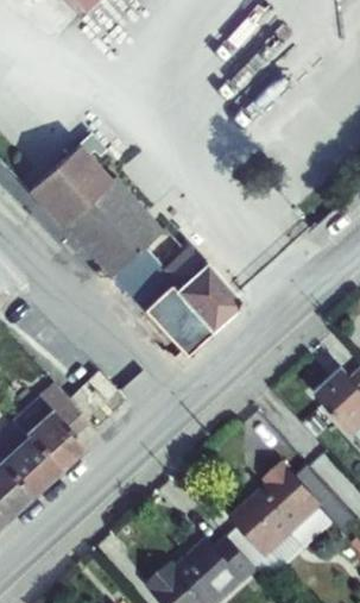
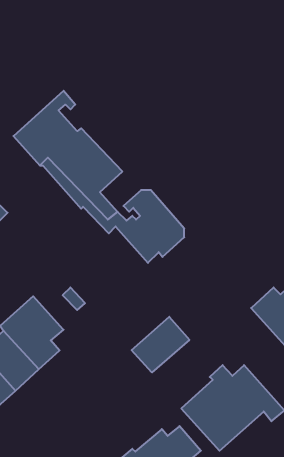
building: none -> [132,317,189,372]

